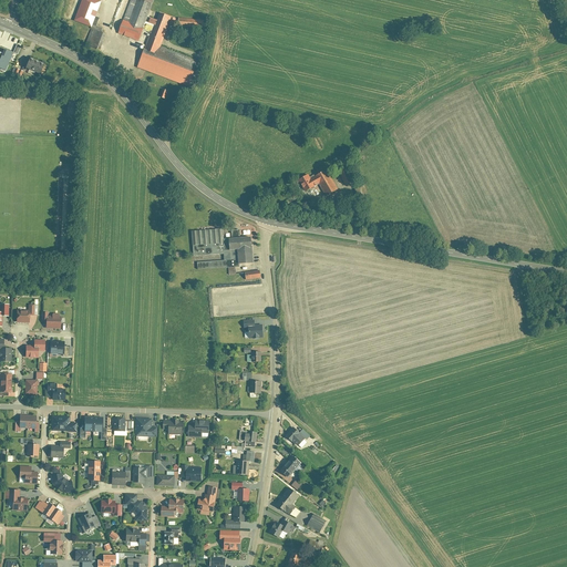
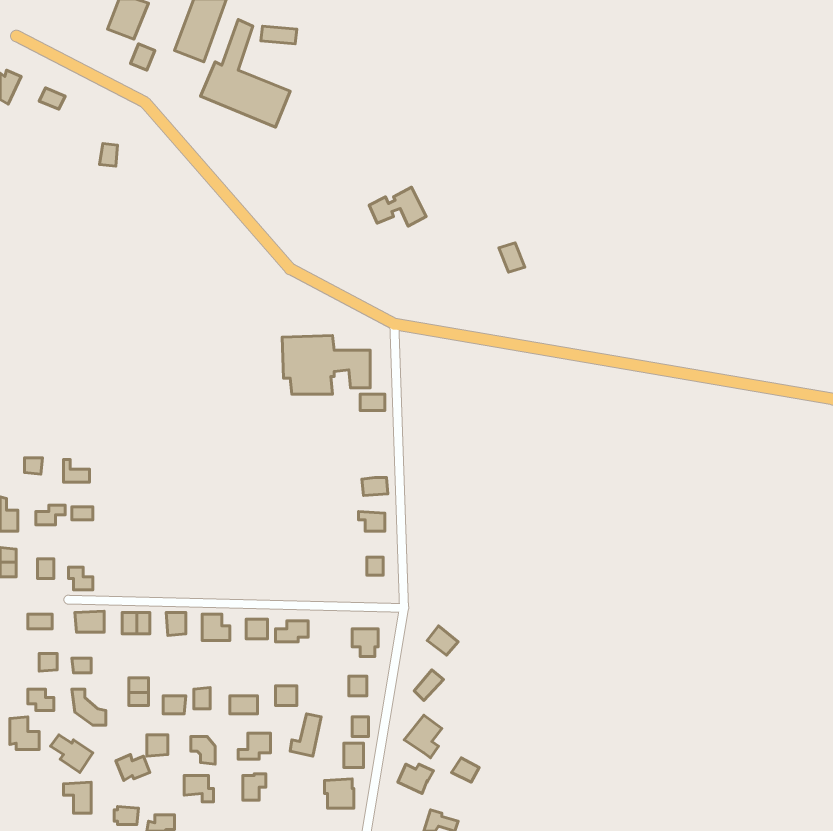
building: [299,168,338,195] -> [369,187,426,226]

